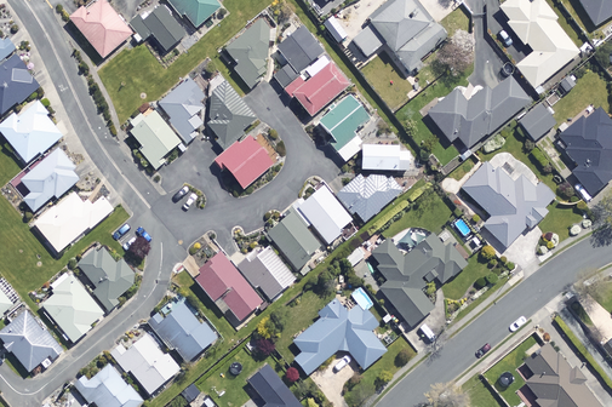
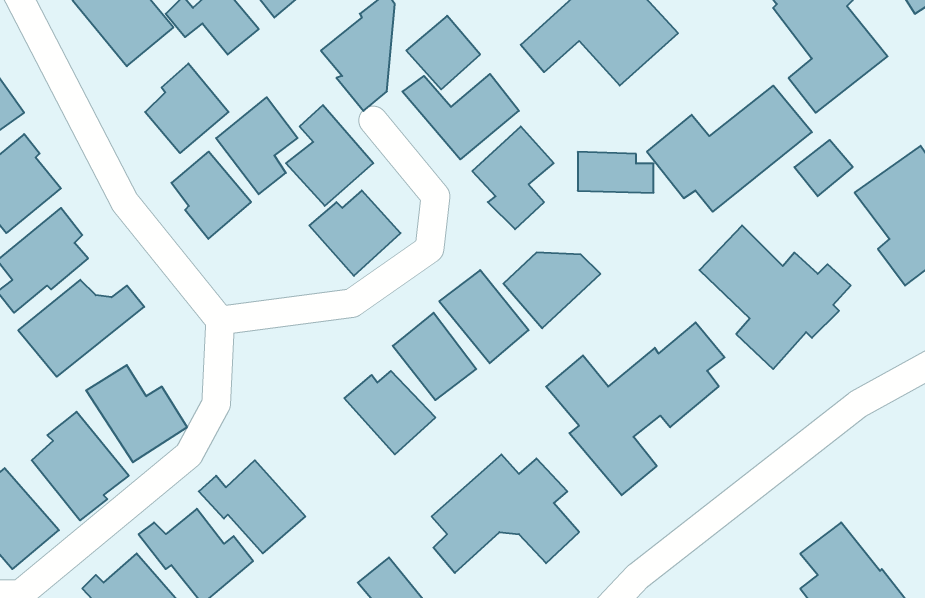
building: none -> [145,63,229,153]
building: [361,143,408,168] -> [578,152,654,193]
building: [193,252,261,320] -> none

